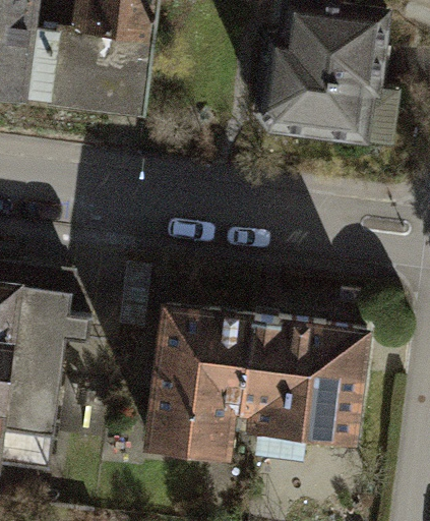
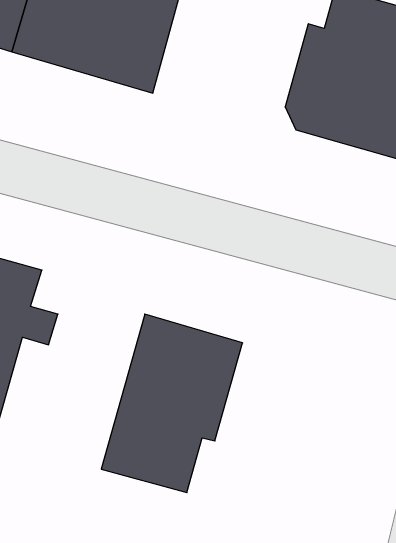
building: [241,317,365,441] -> none

